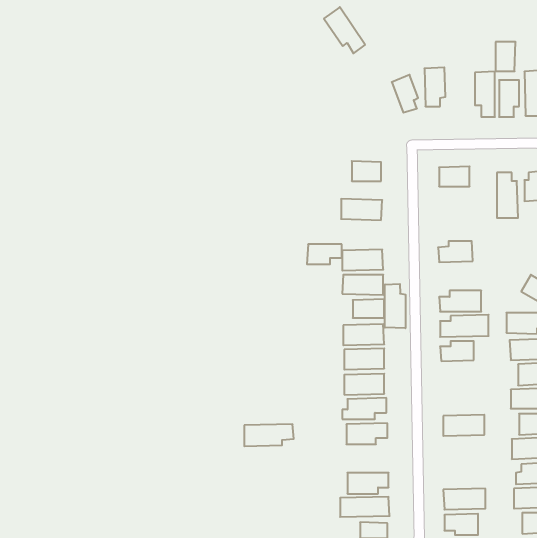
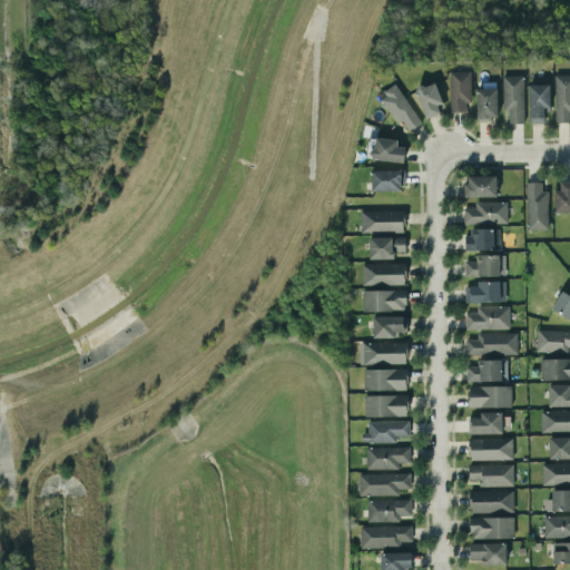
building: [324,7,365,53] -> [379,83,422,132]
building: [496,42,516,71] -> [478,89,499,120]
building: none -> [373,138,405,161]
building: none -> [464,202,508,225]
building: none -> [466,229,494,250]
building: [307,244,342,264] -> [370,238,406,259]
building: none -> [465,282,501,303]
building: [385,284,406,328] -> none
building: none -> [470,386,512,407]
building: none -> [469,412,503,434]
building: [244,424,294,446] -> [360,473,412,497]
building: none -> [469,465,514,487]
building: none -> [471,491,514,513]

